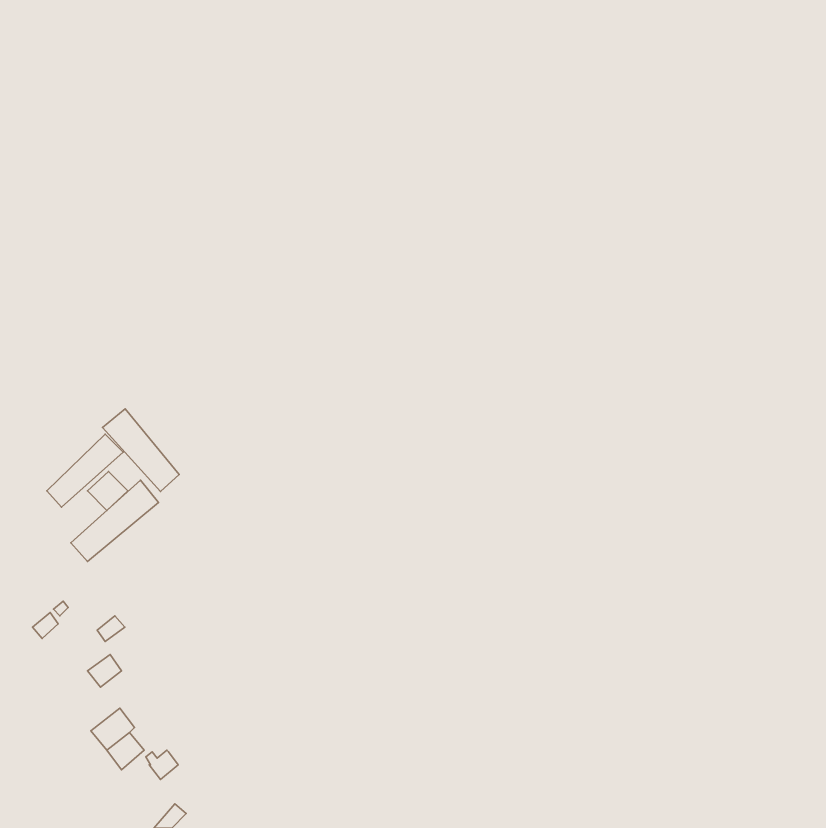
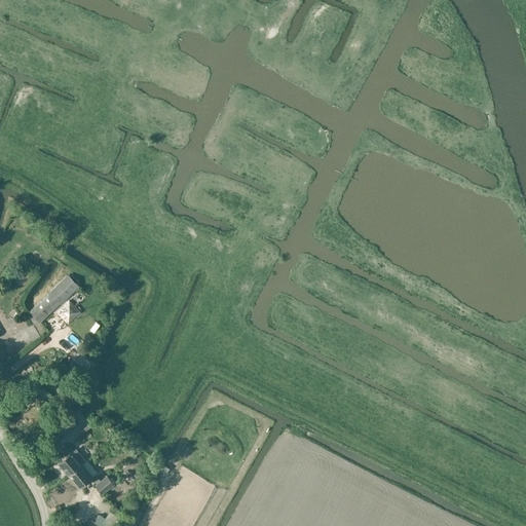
building: [103,409,179,491] -> none
building: [71,480,159,561] -> none

